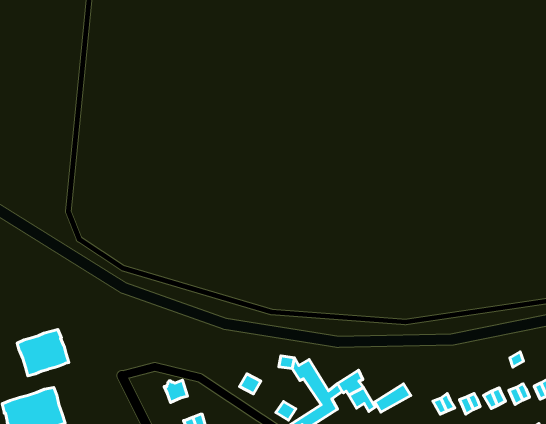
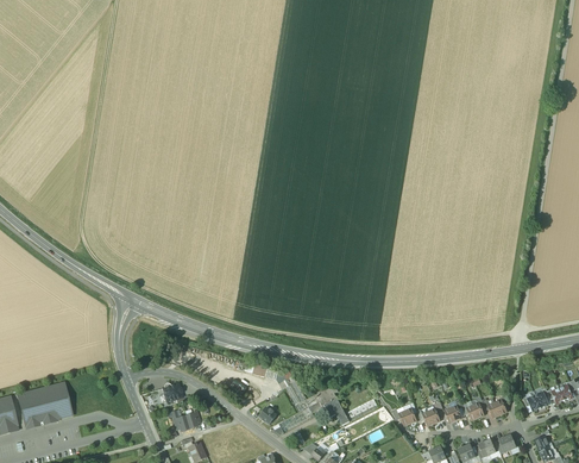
building: [17,329,69,376] -> none

